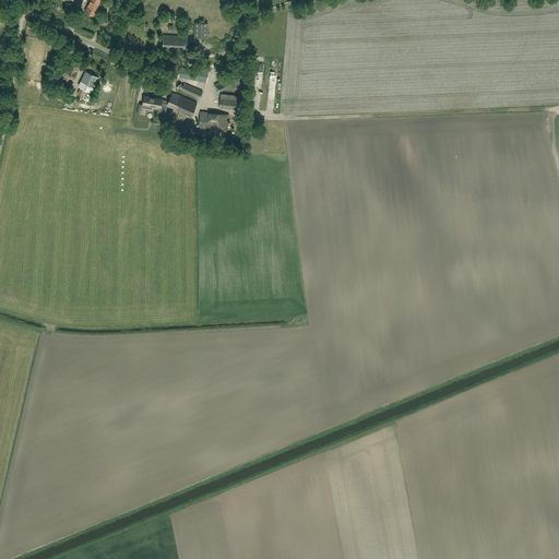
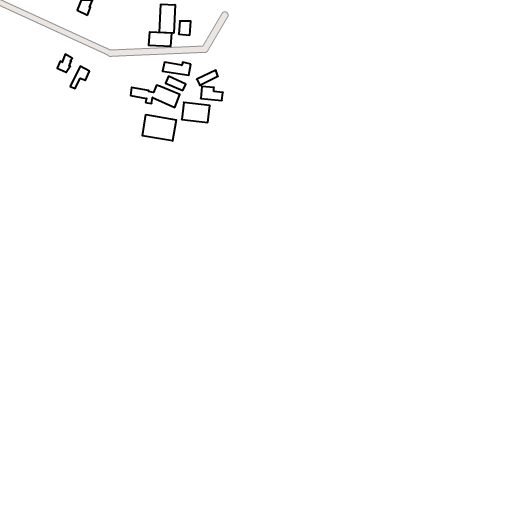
building: none -> [160,4,175,33]
building: none -> [142,115,176,141]

